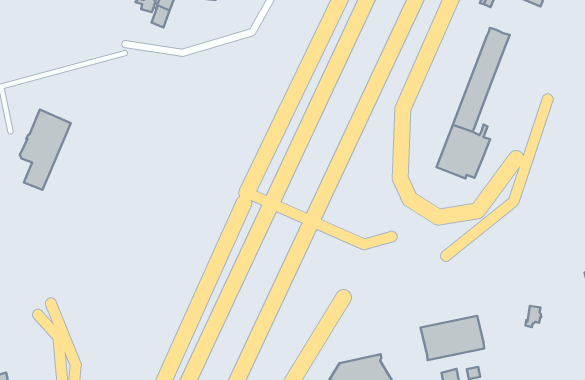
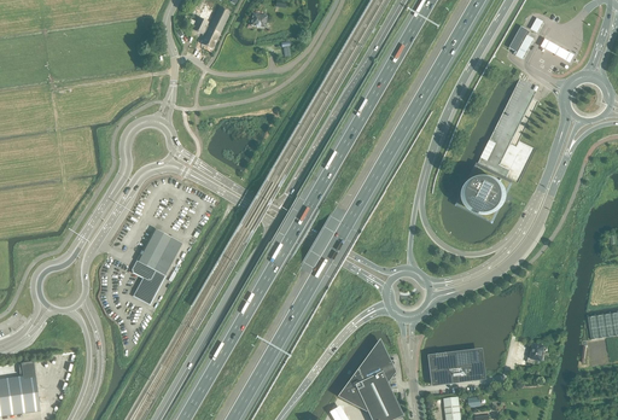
building: [20,109,71,190] -> [132,227,182,303]
building: none -> [349,338,395,380]

